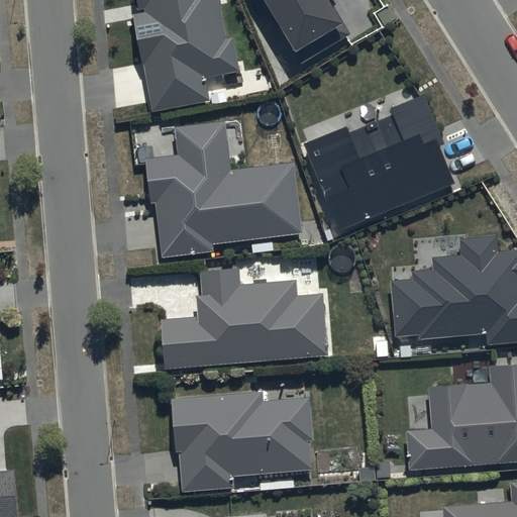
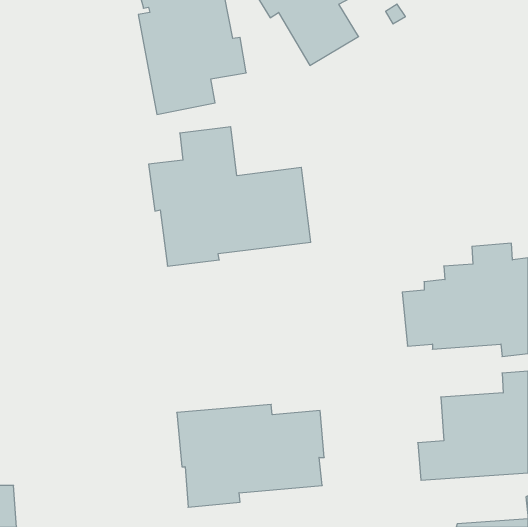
building: [304,92,450,226] -> none
building: [161,267,326,368] -> none

